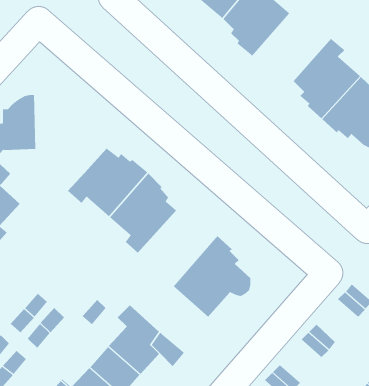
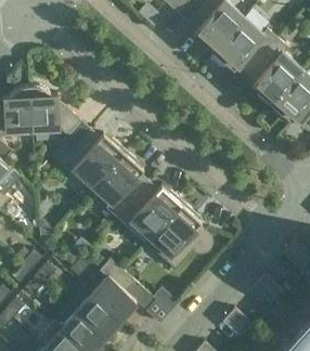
building: none -> [212,20,277,76]
building: none -> [31,87,91,152]
building: none -> [117,183,183,246]

